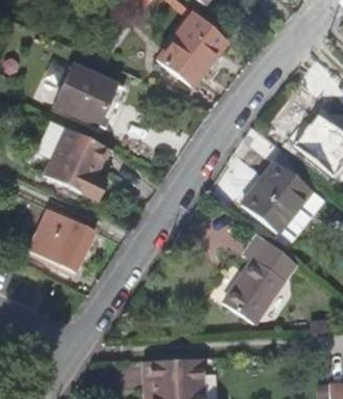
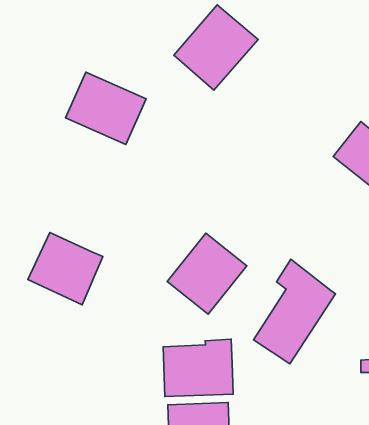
building: [37,121,110,200] -> none
building: [241,163,310,233] -> [167,233,247,314]
building: none -> [163,339,233,397]

